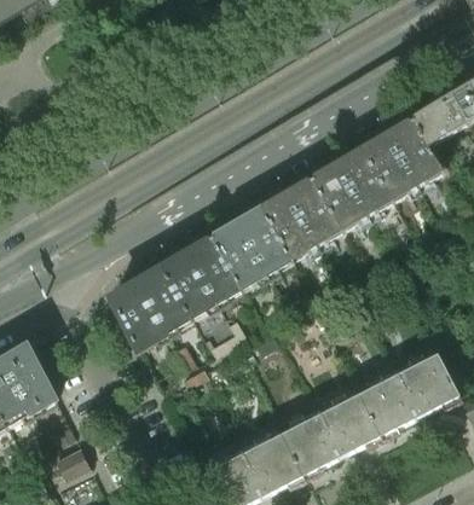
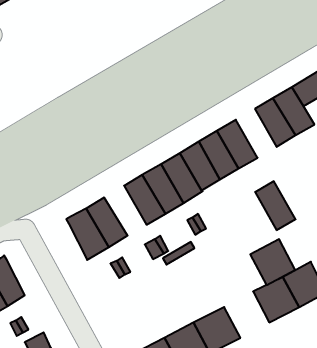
building: [336,149,391,214] -> [255,181,296,230]
building: [160,251,216,318] -> none
building: [320,393,381,454] -> [250,239,295,285]

